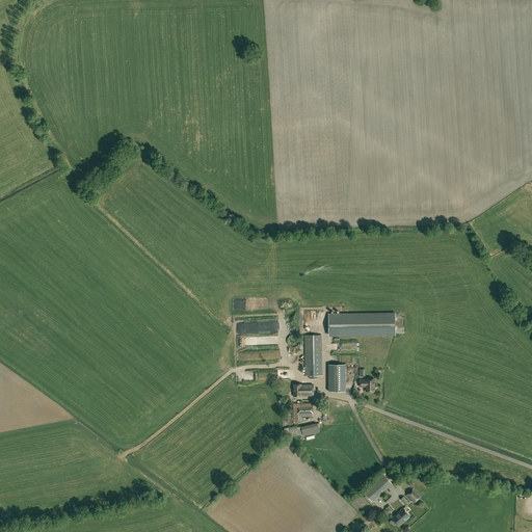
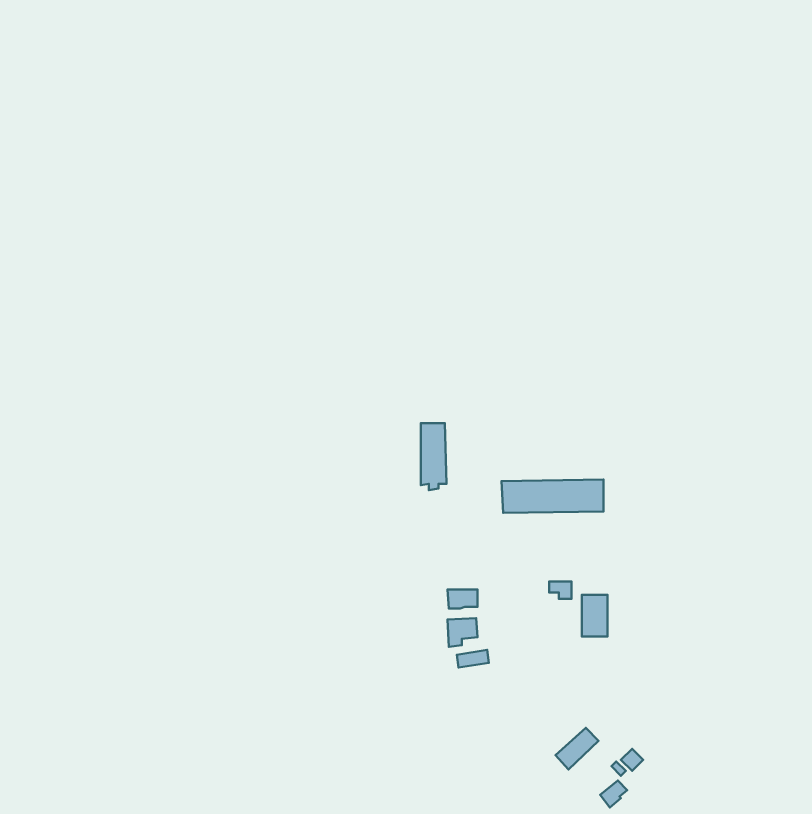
building: [304,336,321,379] -> [421,423,446,490]
building: [327,365,344,392] -> [582,595,607,636]

